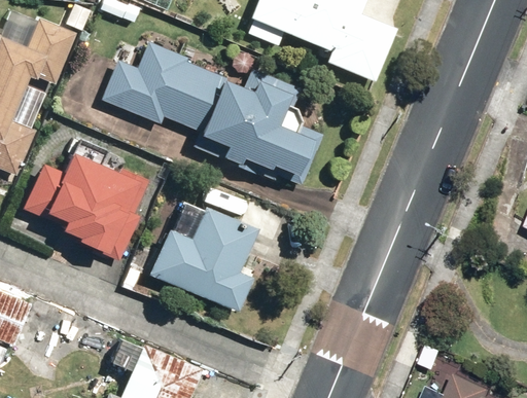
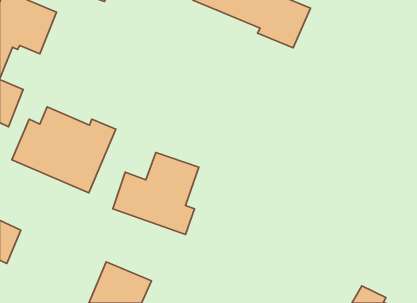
building: [101,39,323,183] -> none

